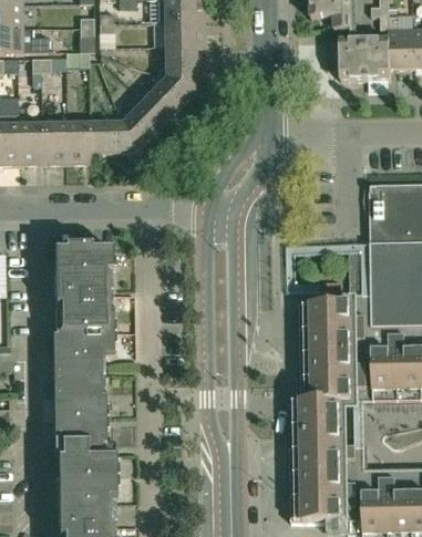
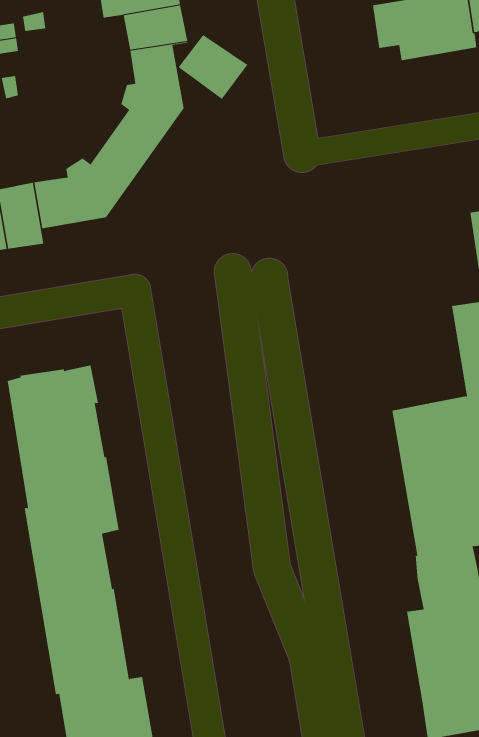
building: none -> [178,34,248,100]

